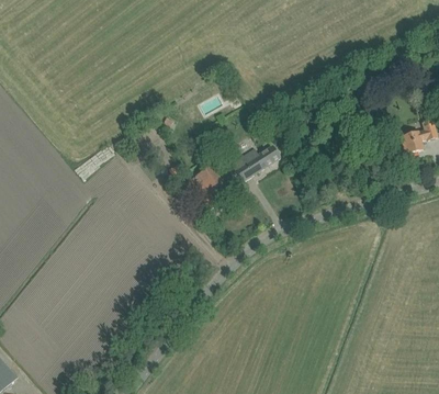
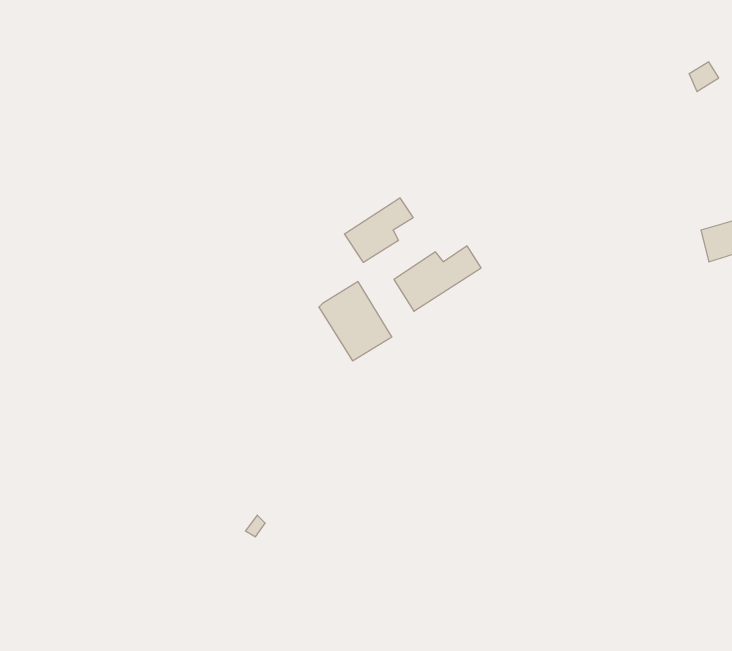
building: none -> [344,198,413,262]

